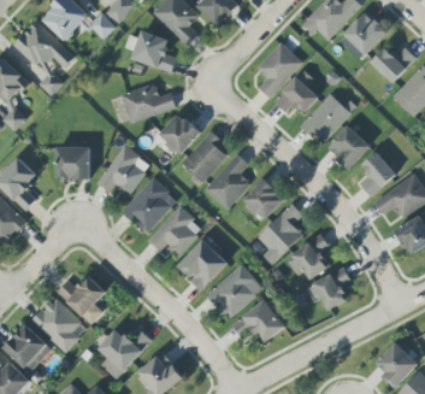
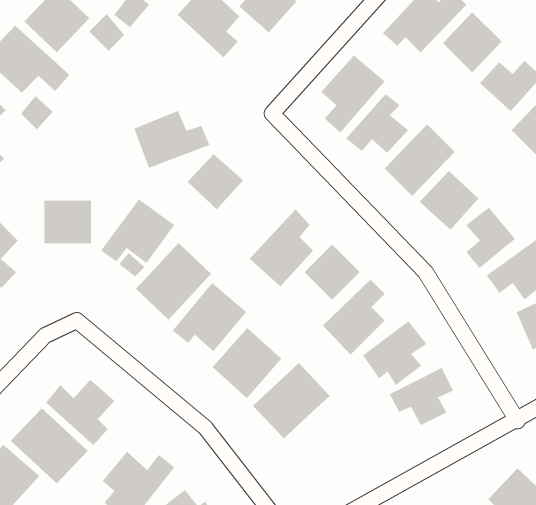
building: [124,29,176,72] -> none
building: [181,129,231,181] -> none
building: [231,298,285,345] -> none

